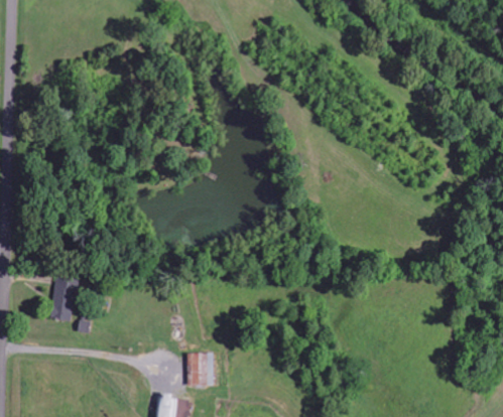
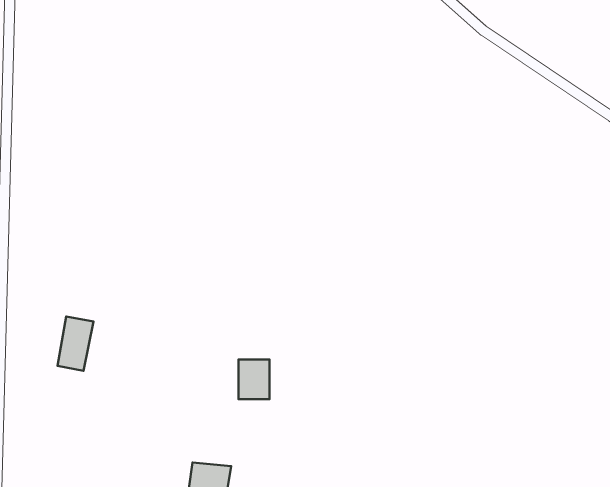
building: [187,353,213,385] -> [238,360,269,399]

